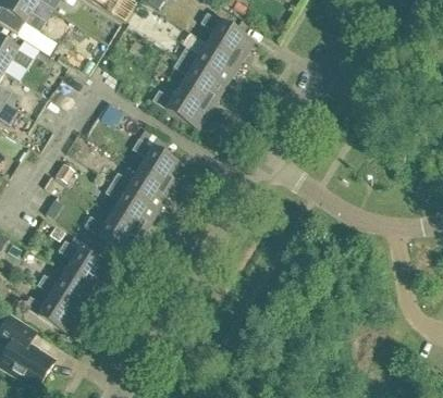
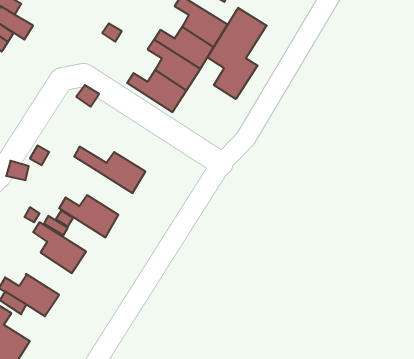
building: none -> [207,8,267,99]
building: [132,126,185,188] -> none
building: [104,181,158,232] -> none
building: [37,270,97,312] -> none

